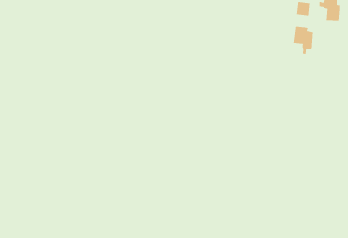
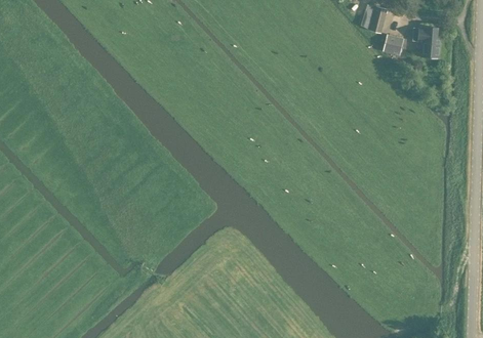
building: [293,26,313,55] -> none

